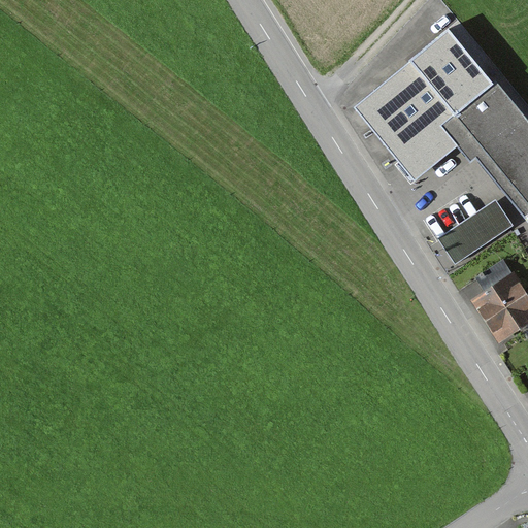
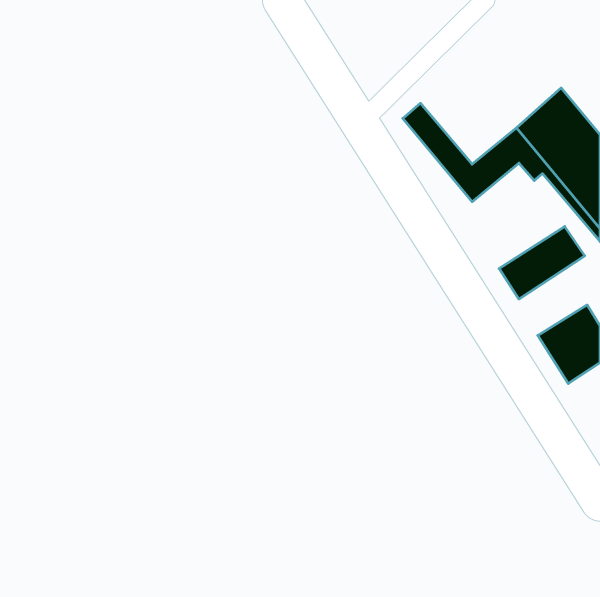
building: [369,28,493,146] -> none

